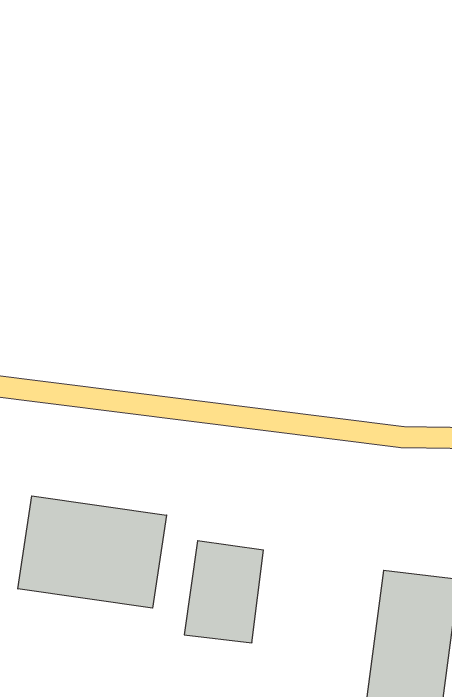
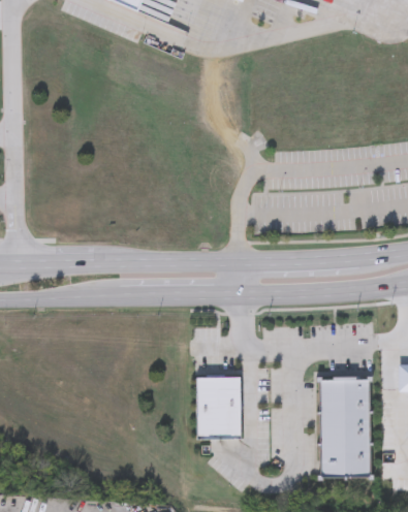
building: [18,496,167,608] -> none

